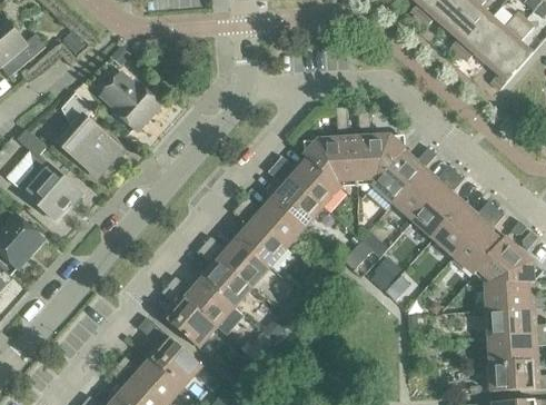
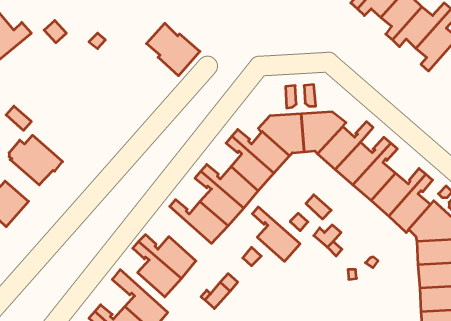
building: [100,71,161,131] -> [146,23,200,76]
building: [59,92,121,177] -> none
building: [197,244,251,306] -> [252,207,300,261]

